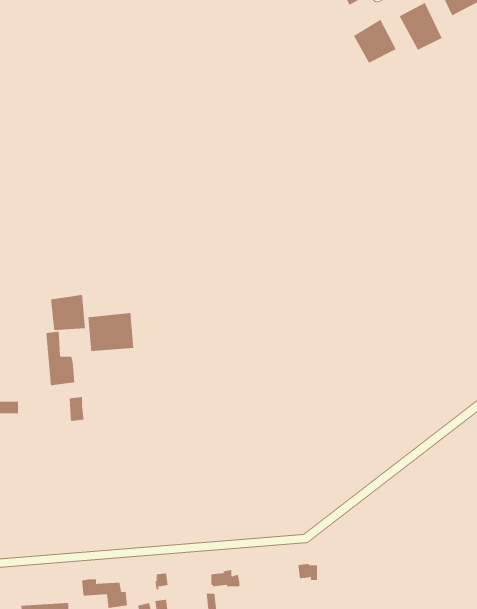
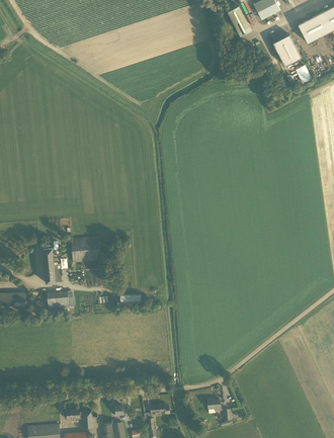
building: [353,19,396,63] -> none
building: [51,294,86,331] -> none

